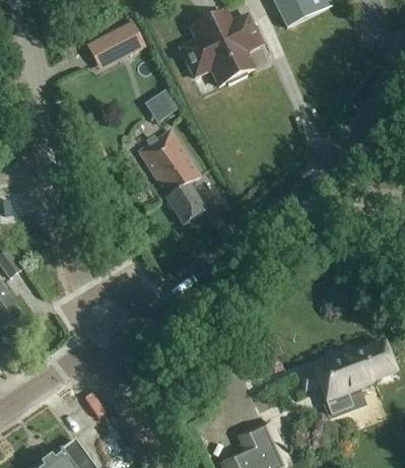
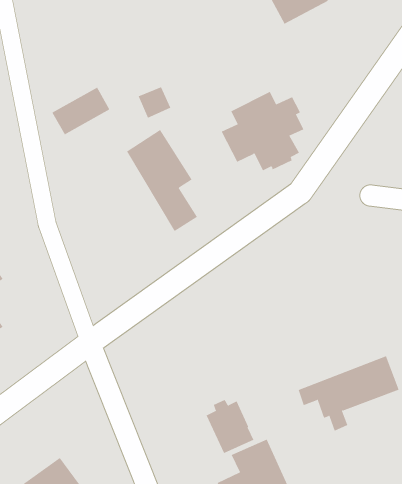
building: [179,8,258,84] -> [221,91,304,171]
building: [89,21,145,67] -> [52,87,110,135]
building: none -> [206,399,254,454]

